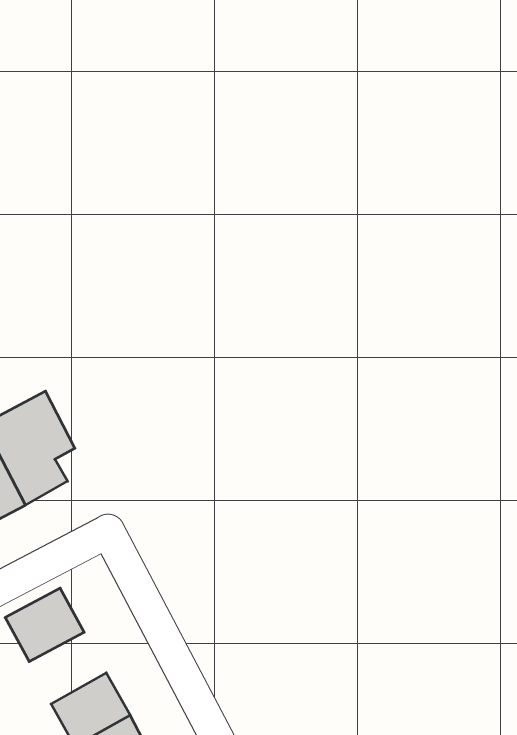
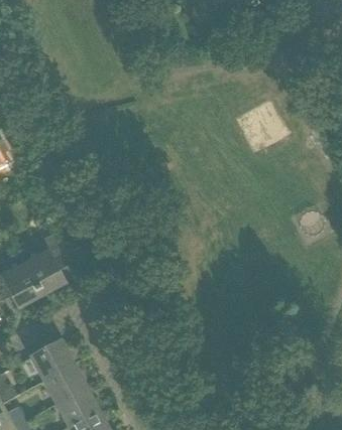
building: none -> [44,366,87,405]

